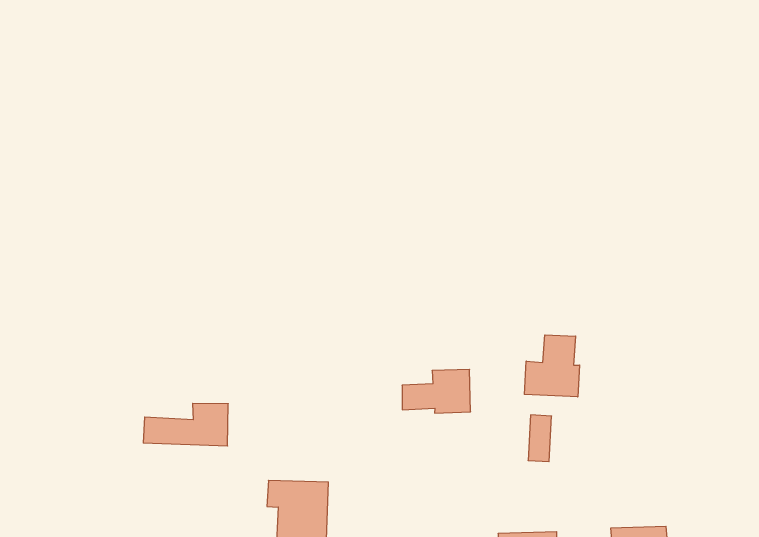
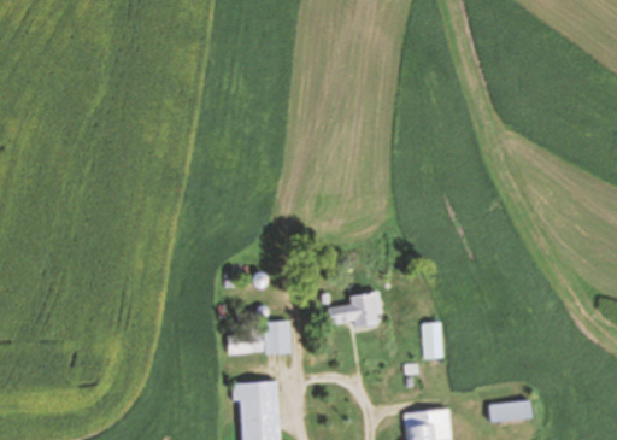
building: [524,335,580,397] -> none
building: [143,403,228,446] -> [228,322,290,354]

